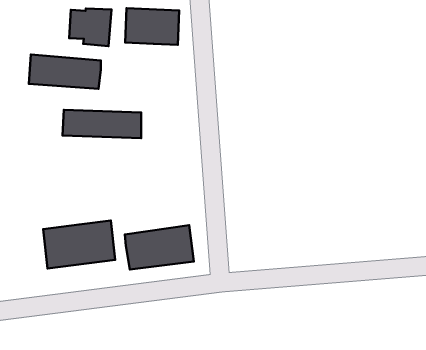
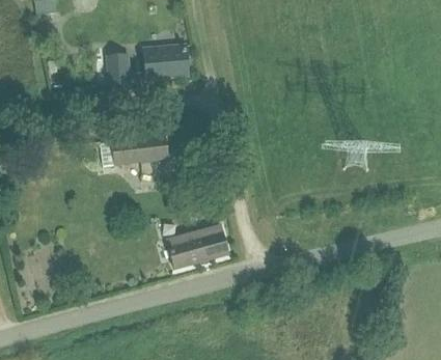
building: [29,54,101,89] -> none
building: [43,221,115,268] -> none

